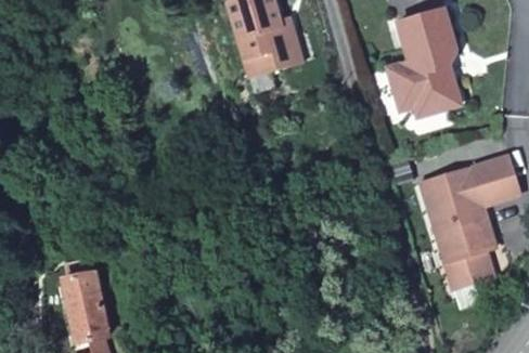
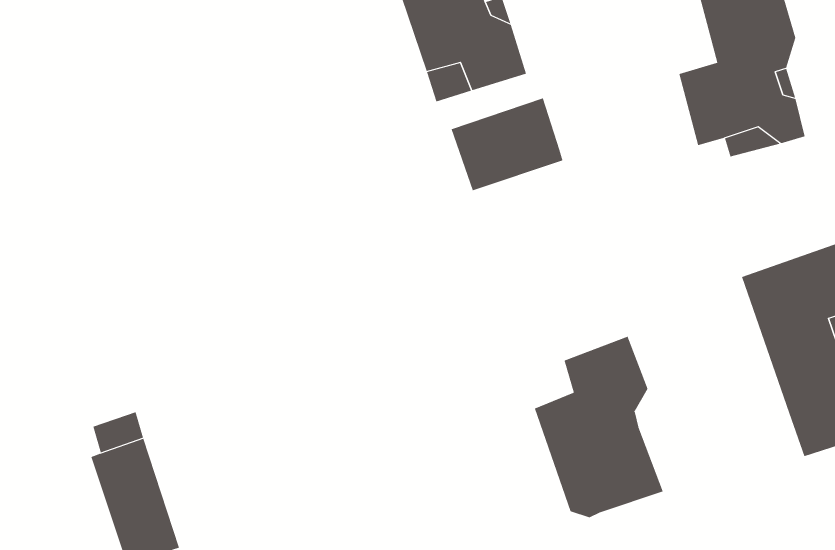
building: none -> [451,98,563,191]
building: none -> [534,336,664,518]

